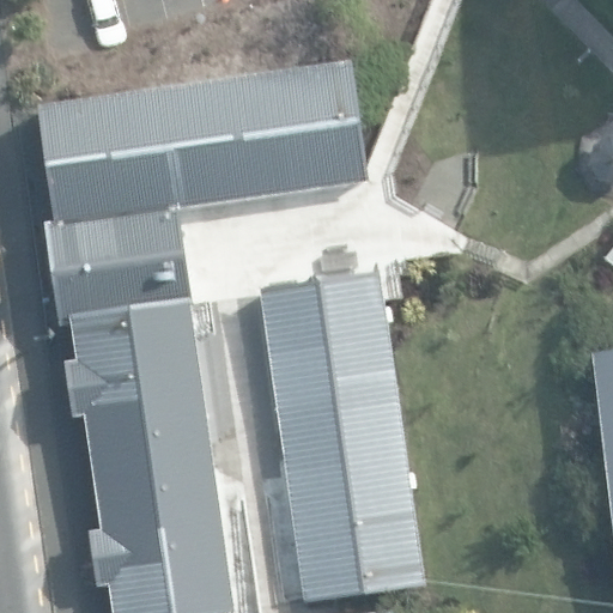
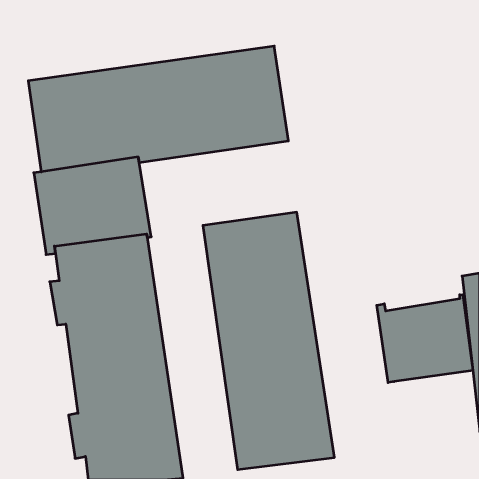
building: none -> [377,295,473,383]

